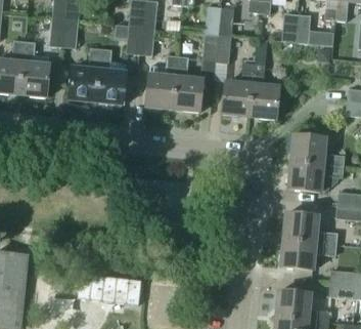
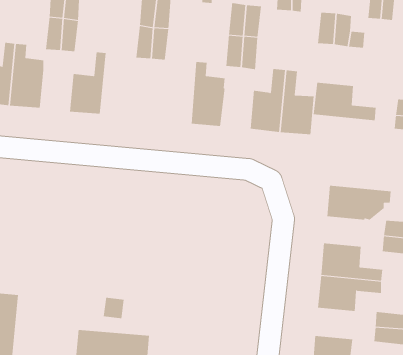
building: [96,49,126,105] -> none
building: [146,55,177,110] -> none
building: [290,134,345,167] -> [313,82,377,121]

